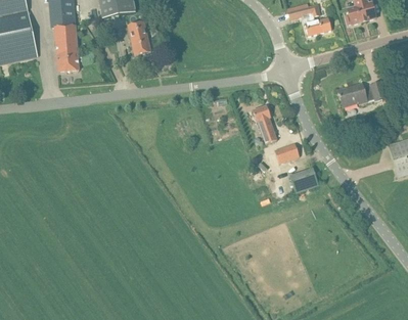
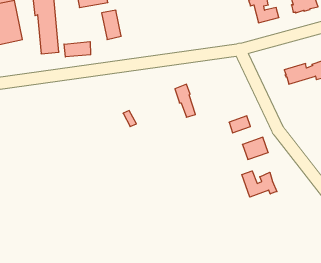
building: none -> [64,42,91,57]
building: [253,105,276,143] -> [175,84,195,117]
building: none -> [242,171,277,197]

